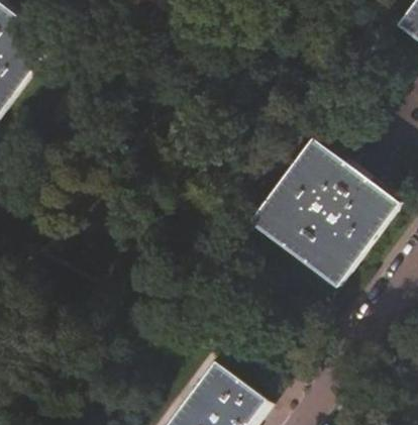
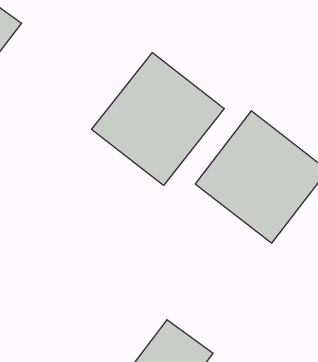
building: none -> [92,53,224,185]

